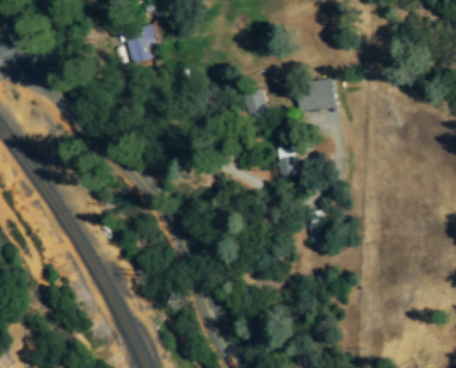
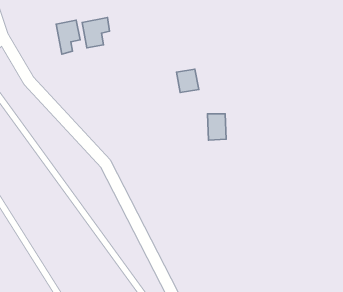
building: none -> [56,20,80,54]
building: [298,80,339,111] -> none

